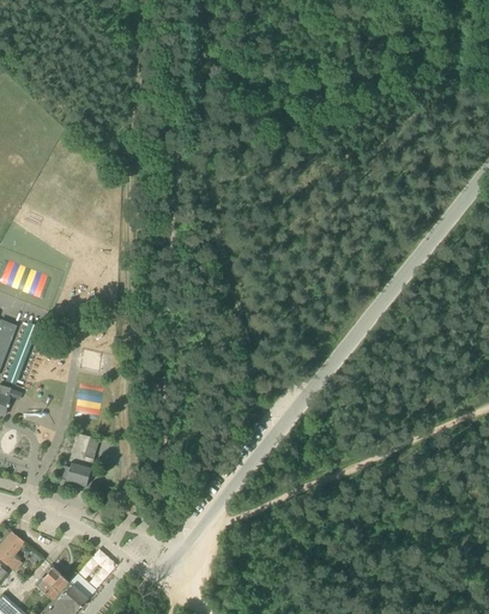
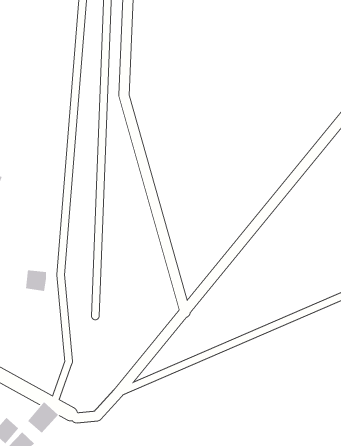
building: [58,434,93,487] -> none

